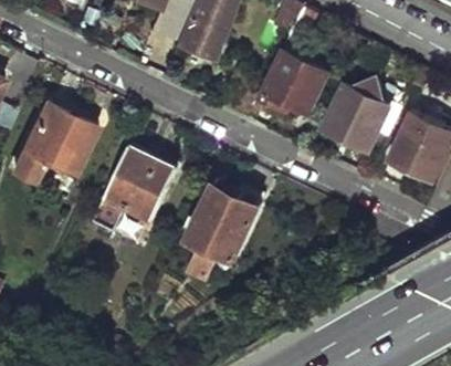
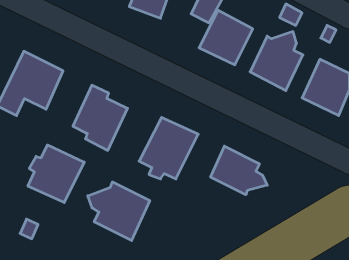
building: none -> [28,145,84,203]
building: none -> [211,146,267,195]
building: none -> [88,182,150,241]

